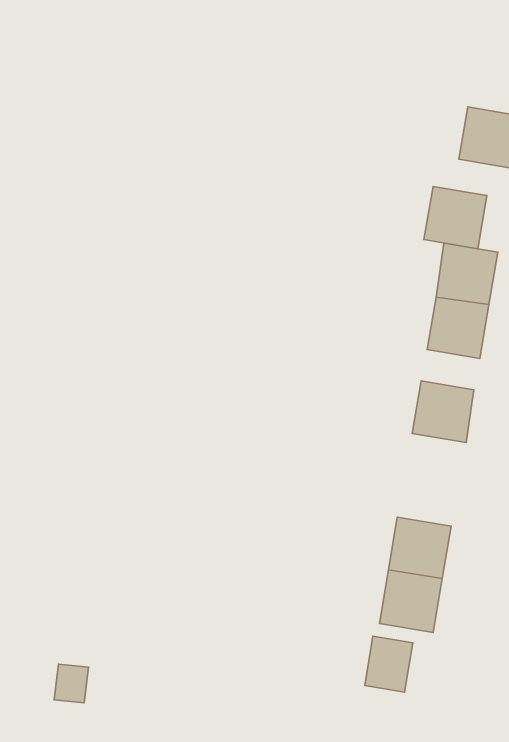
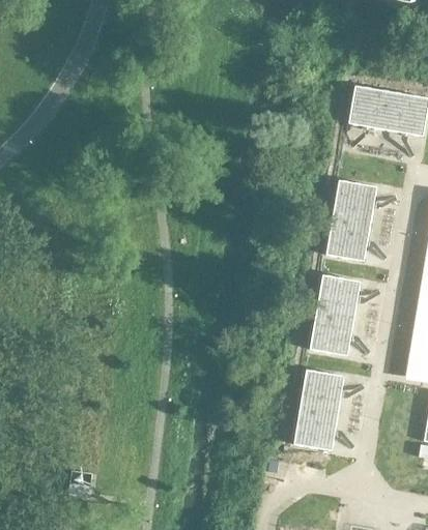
building: [424,186,487,249] -> none
building: none -> [312,312,355,355]
building: [365,636,413,692] -> none

